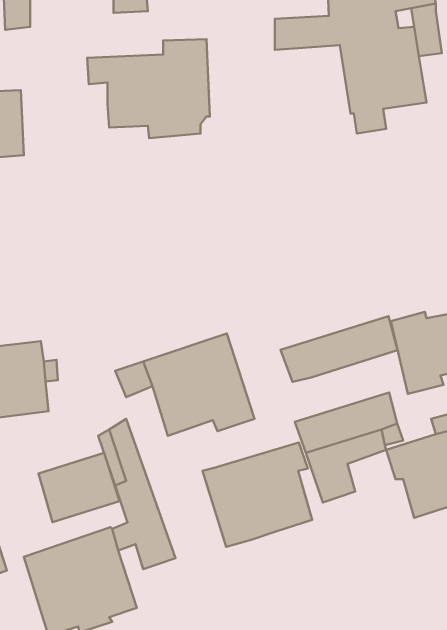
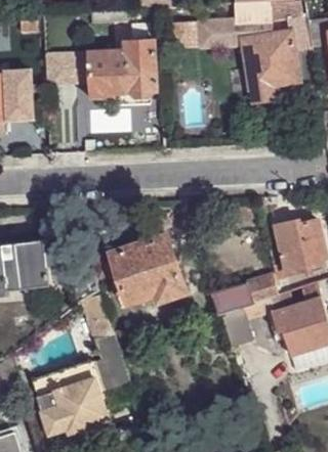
building: none -> [45,52,87,85]
building: [280,316,398,382] -> none
building: [202,443,312,547] -> none
building: [38,453,120,522] -> none

